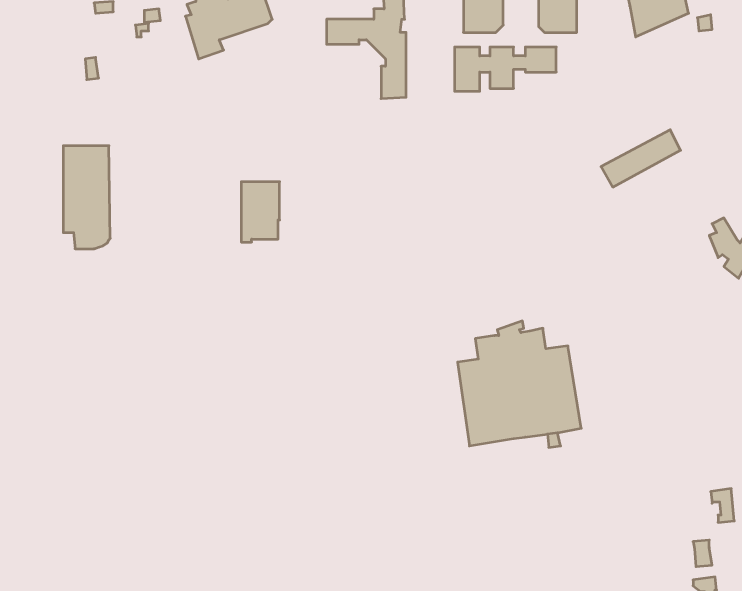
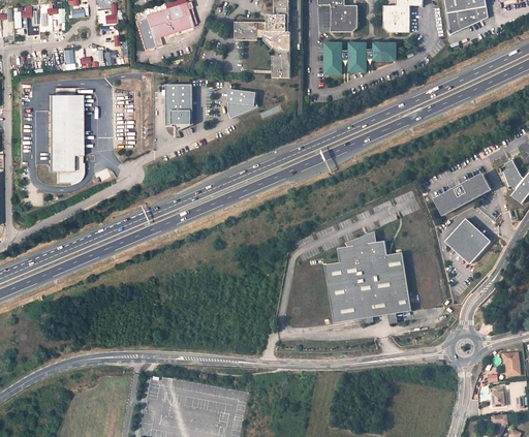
building: none -> [226,89,257,118]
building: none -> [48,95,81,111]
building: [601,130,681,187] -> [435,174,491,214]
building: [241,182,280,242] -> [165,84,192,126]
building: none -> [445,218,490,262]

